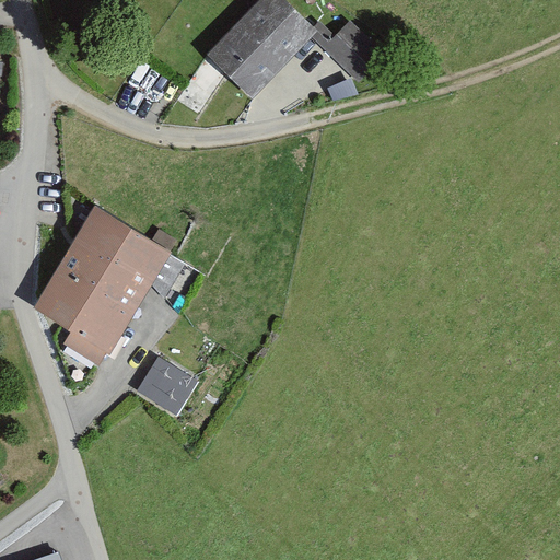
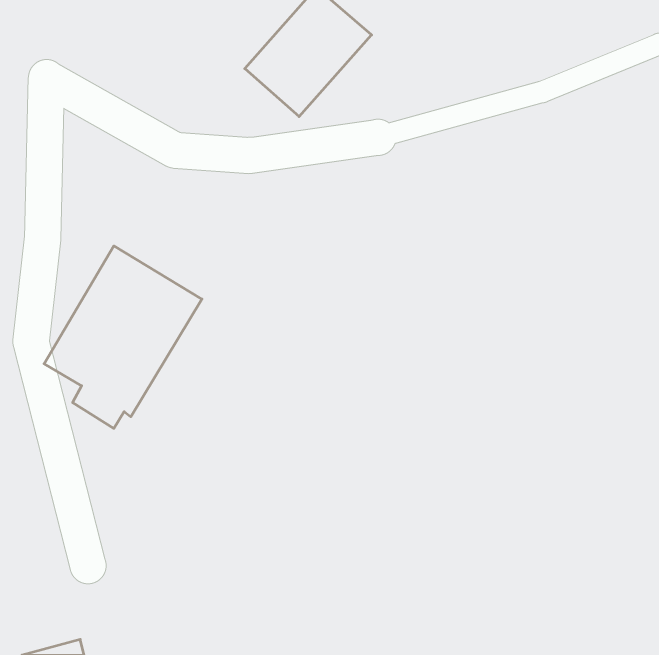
building: [323,19,382,78] -> none
building: [133,355,194,413] -> none

